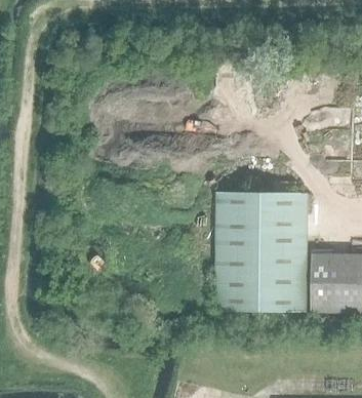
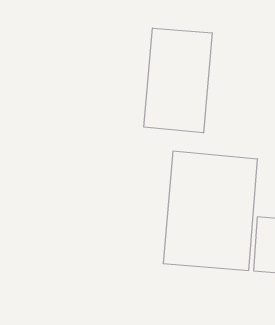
building: none -> [144,28,212,133]

